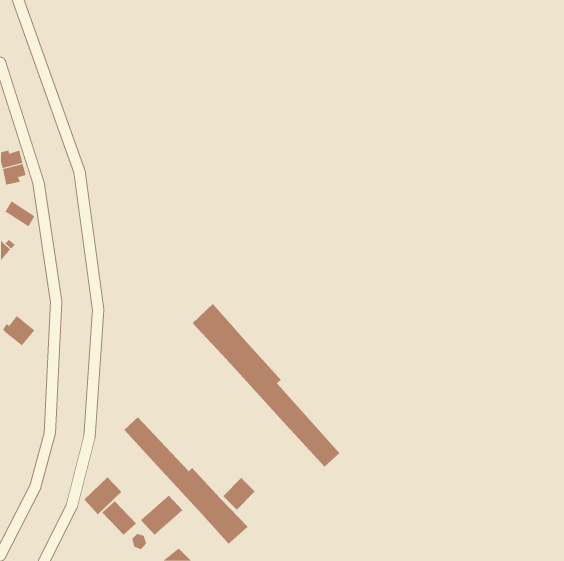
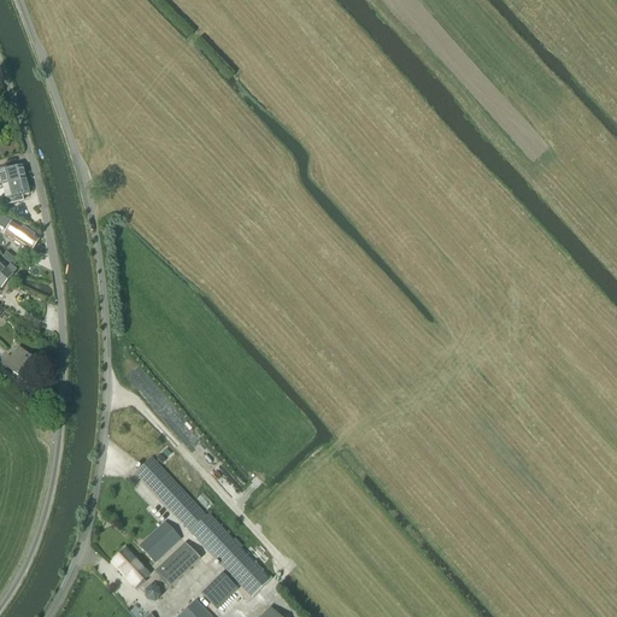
building: [192,303,340,467] -> none
building: [83,476,122,515] -> [139,519,181,562]
building: [223,477,256,510] -> [201,571,237,607]

